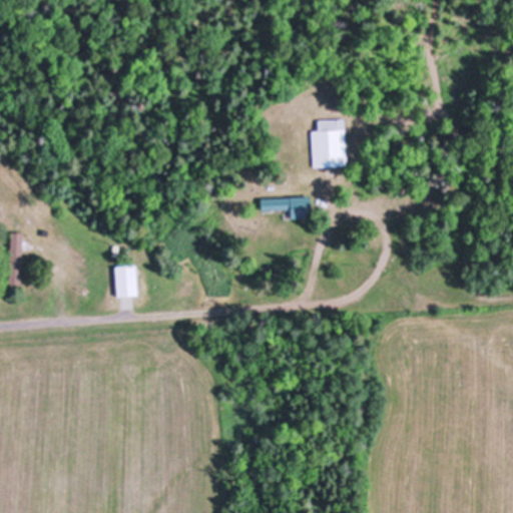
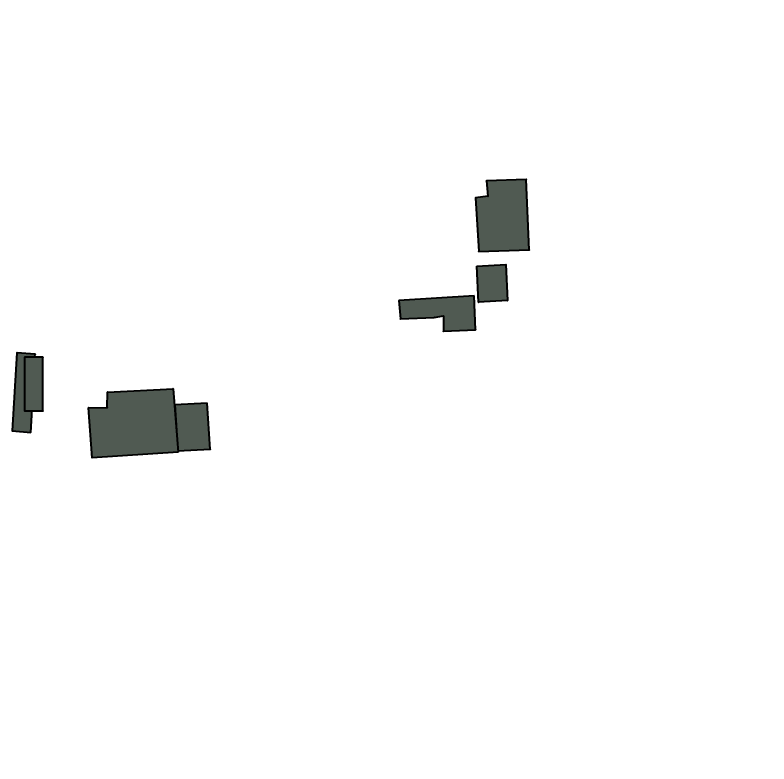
building: none -> [477,265,507,302]
building: none -> [89,389,178,458]

